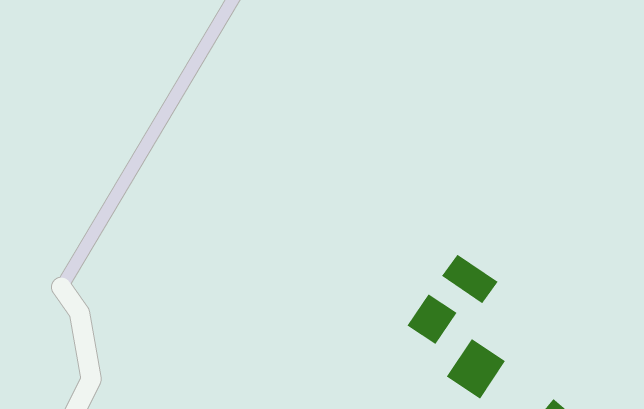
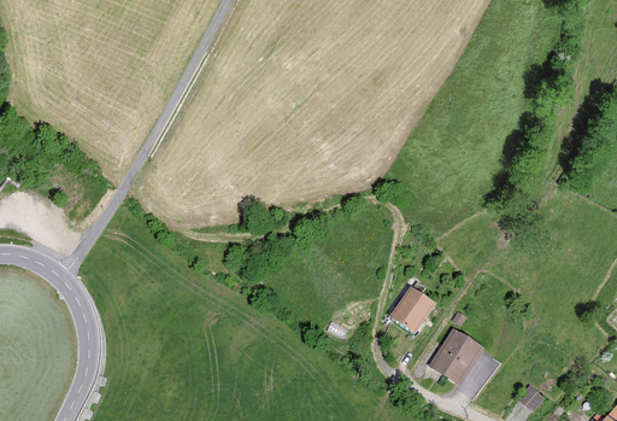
building: [441,254,499,304] -> none

